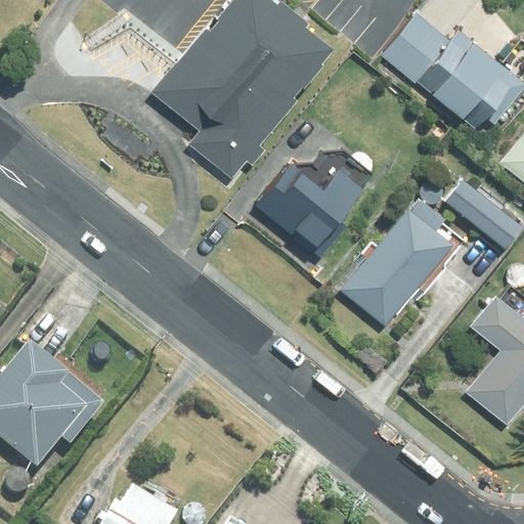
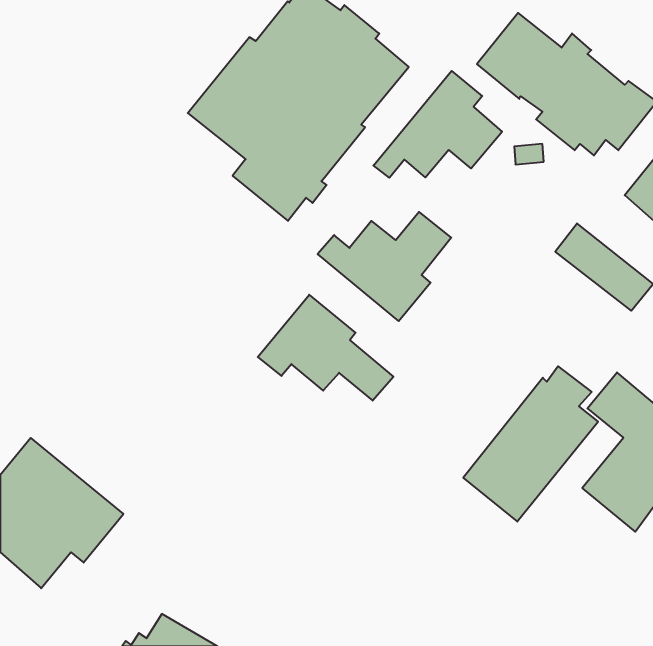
building: none -> [373,71,502,178]
building: [342,201,449,324] -> [463,366,598,522]
building: none -> [258,295,393,401]

